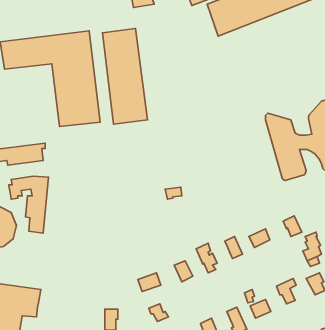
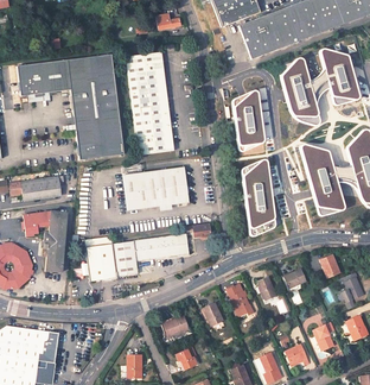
building: none -> [280,49,359,125]
building: none -> [234,90,264,151]
building: none -> [242,158,275,236]
building: none -> [123,166,190,209]
building: none -> [85,232,190,280]

